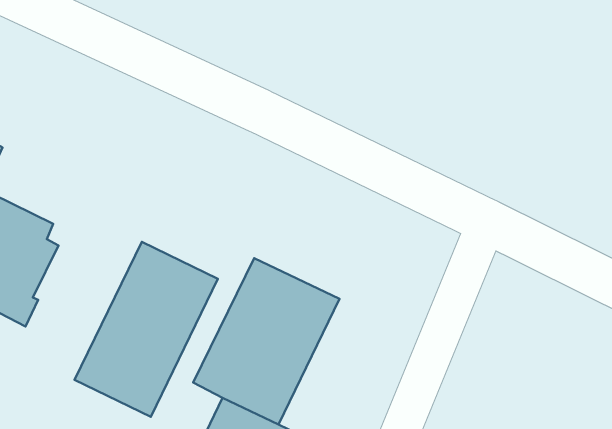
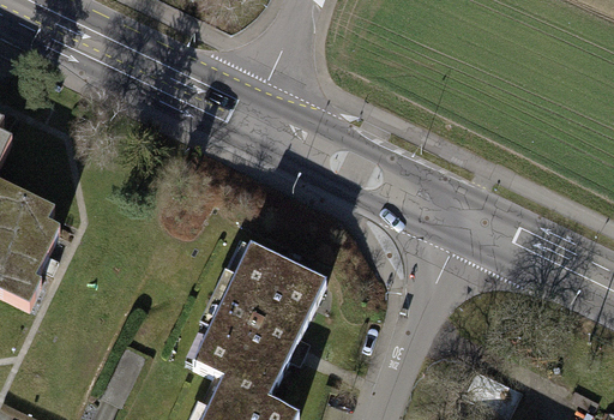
building: [75,242,218,417] -> none

